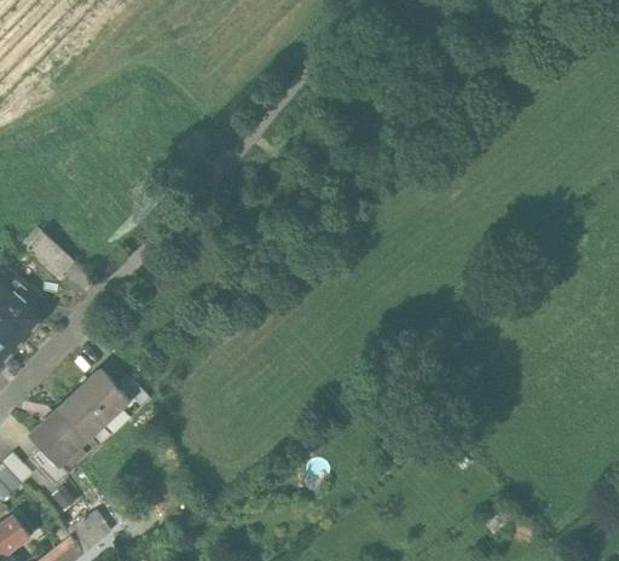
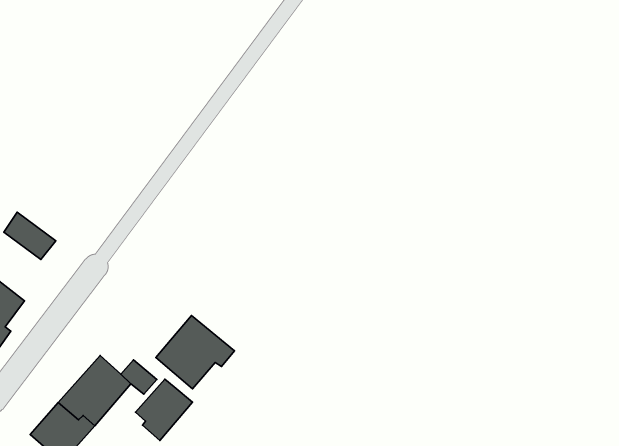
building: none -> [156,315,234,389]
building: none -> [135,379,192,441]

